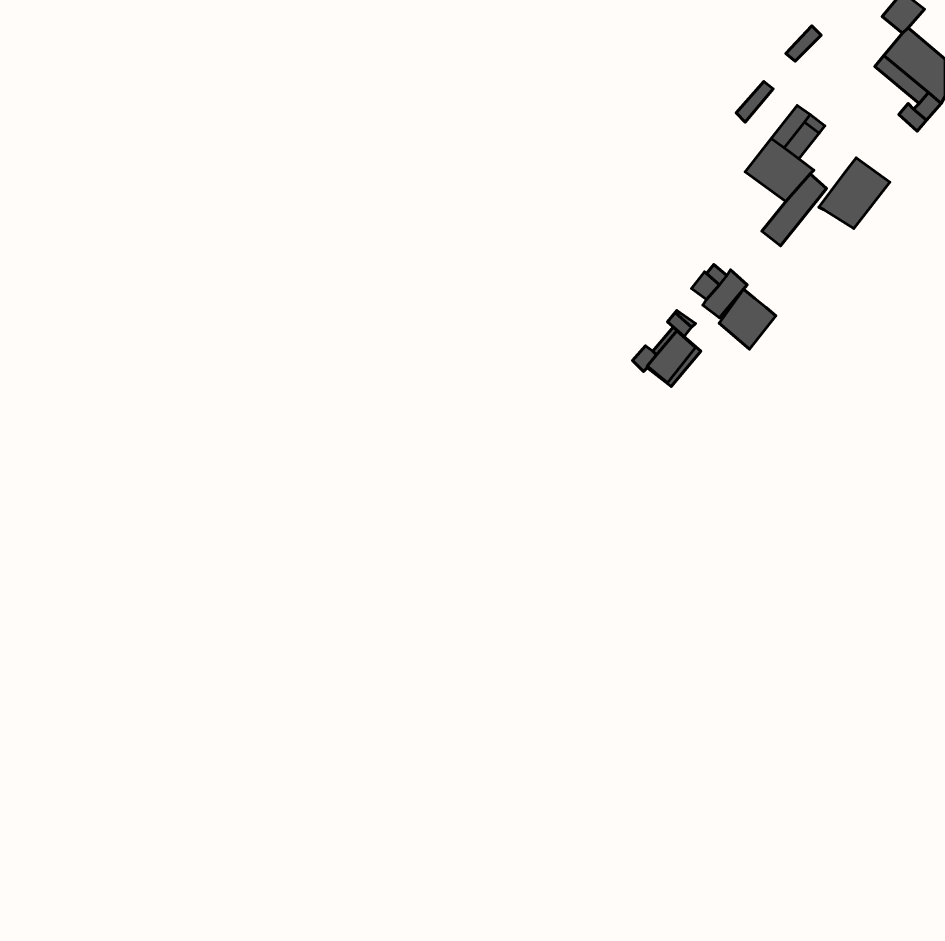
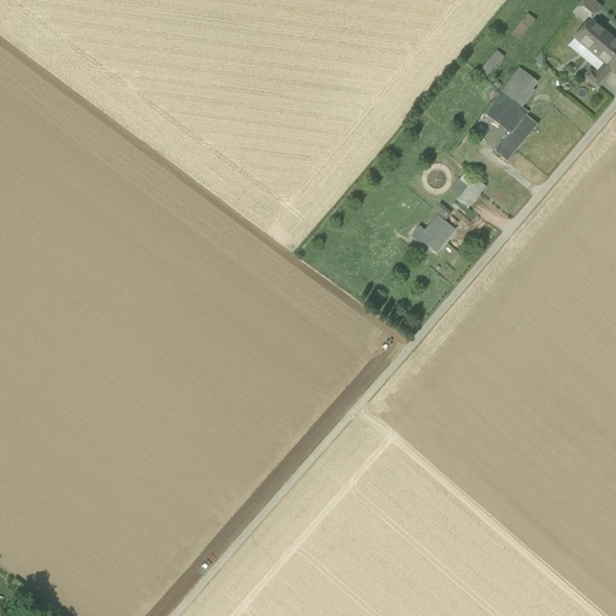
building: [819,158,890,229] -> none
building: [719,289,776,349] -> none

